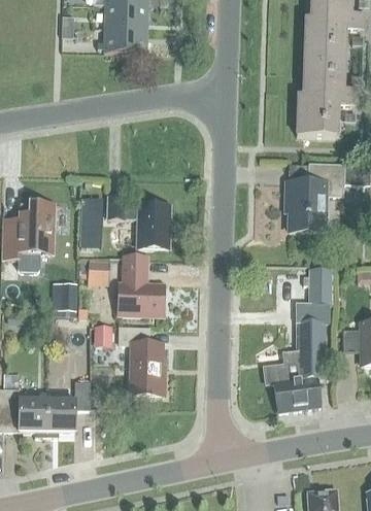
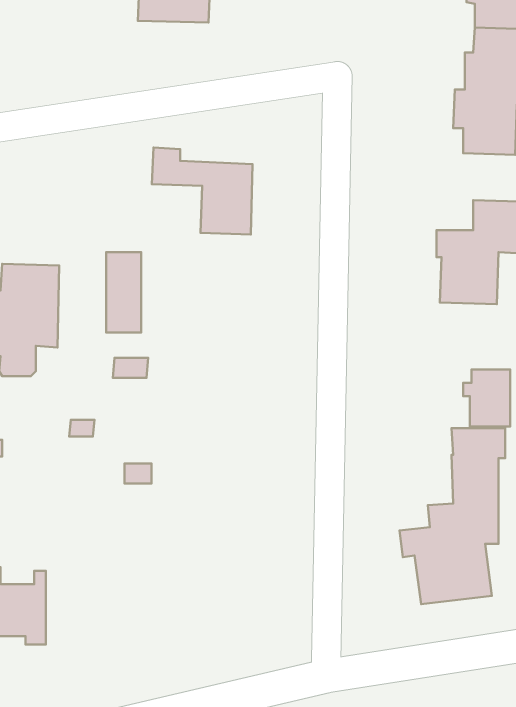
building: [107,195,169,248] -> [152,147,252,235]
building: [119,256,163,315] -> none
building: [119,326,165,394] -> none
building: [46,381,90,436] -> none

